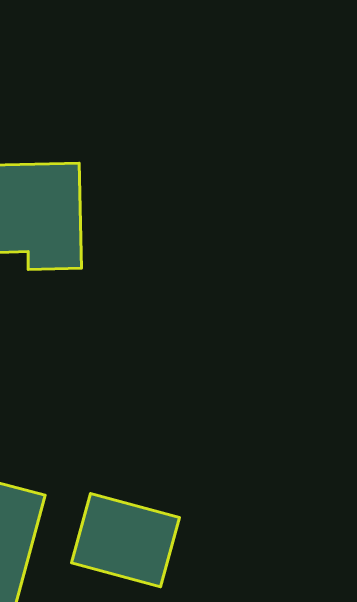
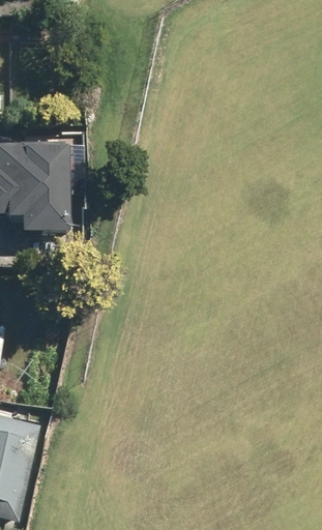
building: [72,494,179,587] -> none

